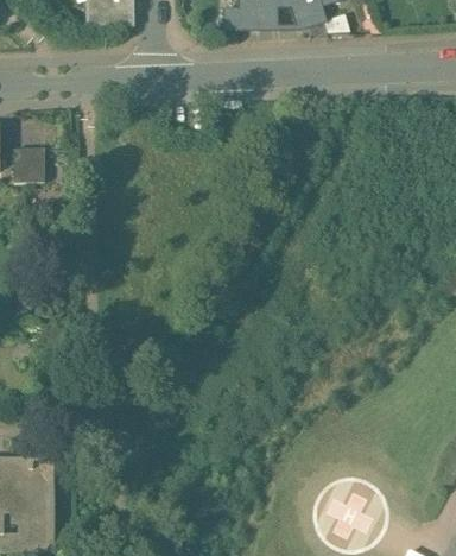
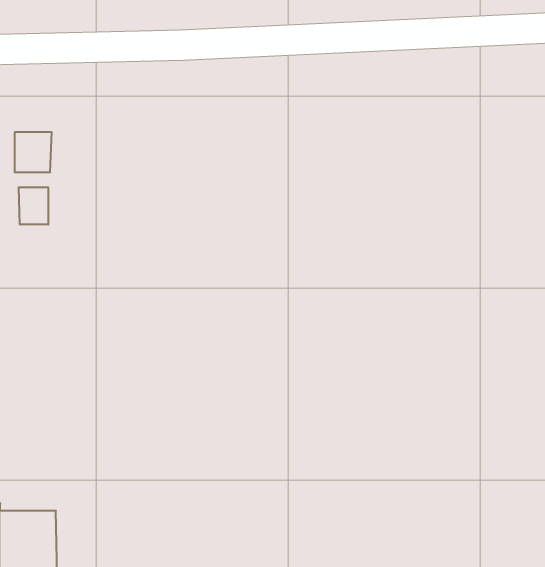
building: none -> [19,187,48,225]

